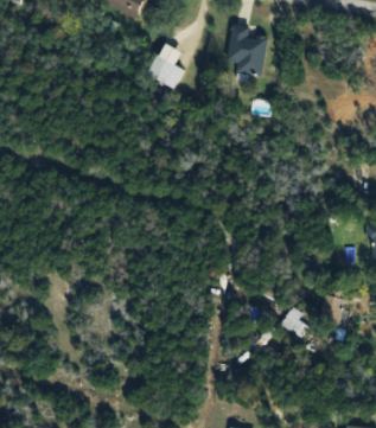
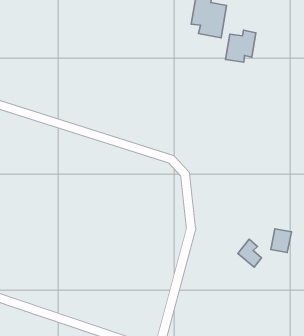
building: [145,55,183,88] -> none
building: none -> [226,30,256,62]

